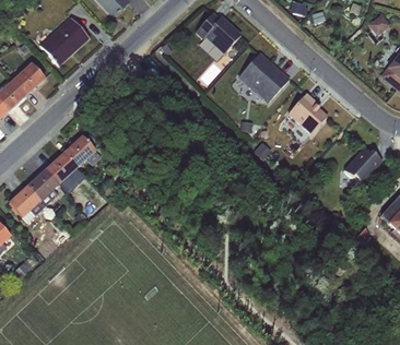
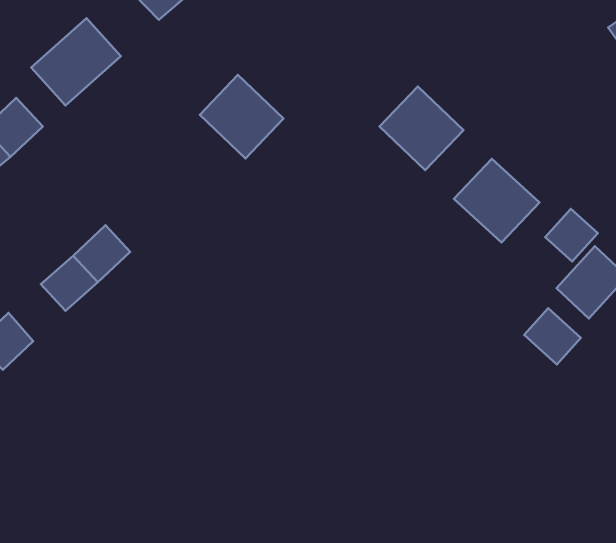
building: [192,10,240,58] -> [200,75,283,159]
building: none -> [545,209,598,261]
building: [26,168,59,201] -> none
building: none -> [524,308,581,365]

